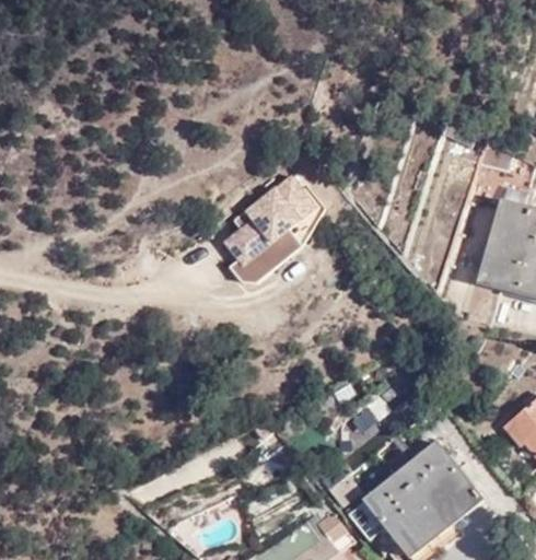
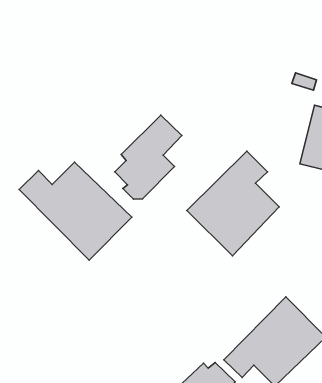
building: none -> [19,162,132,260]
building: none -> [187,151,279,256]

